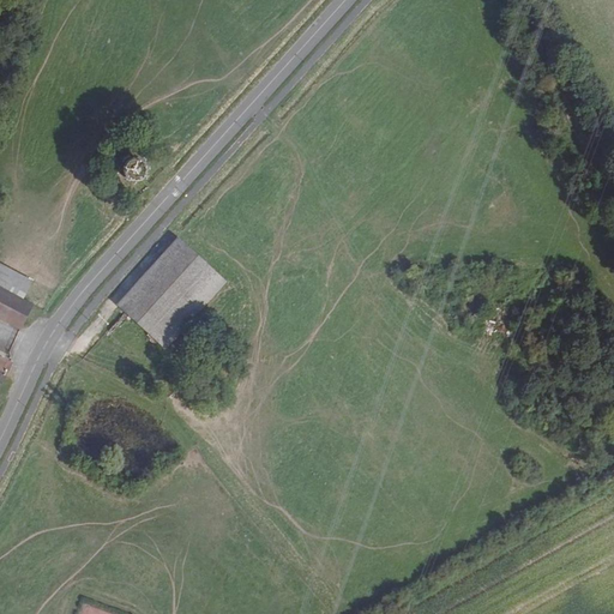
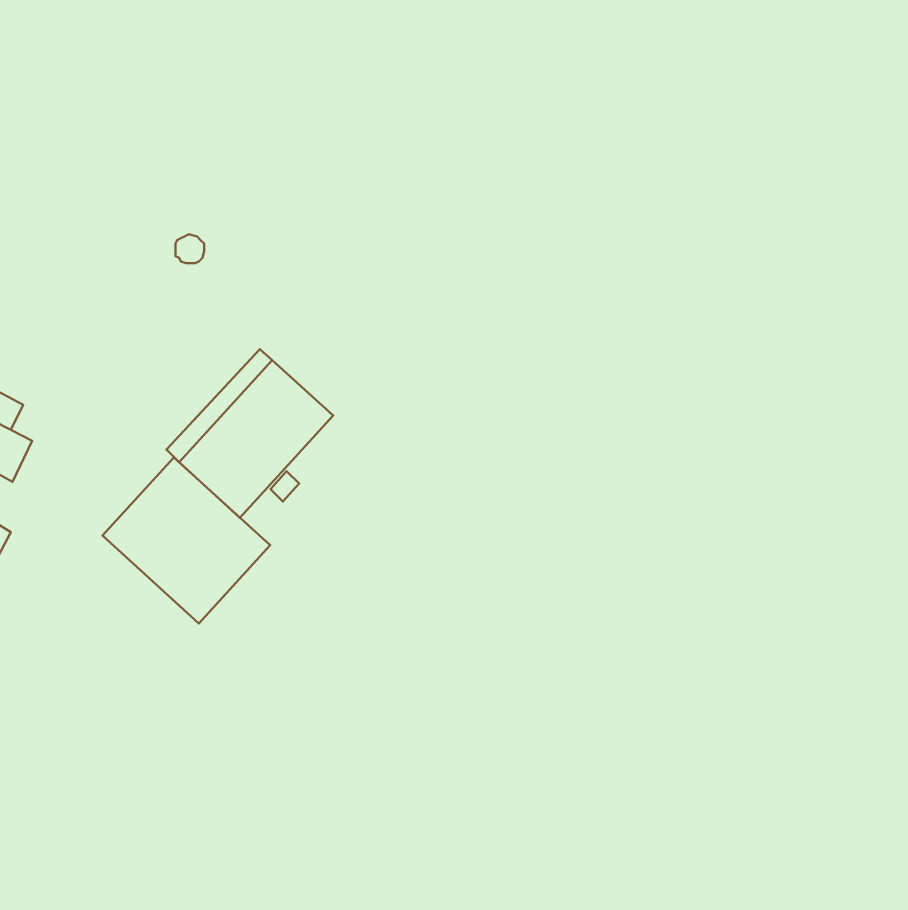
building: none -> [103,457,270,623]

